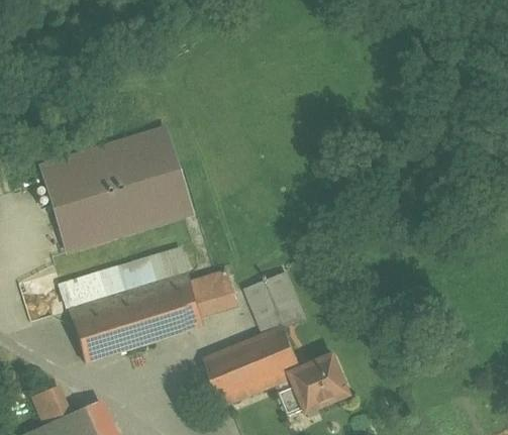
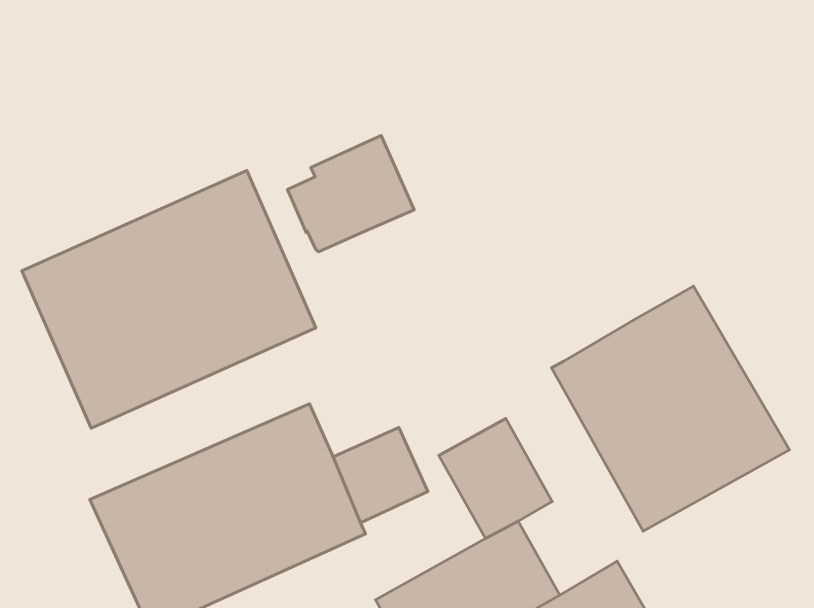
building: none -> [287,136,414,252]
building: none -> [552,286,790,531]

